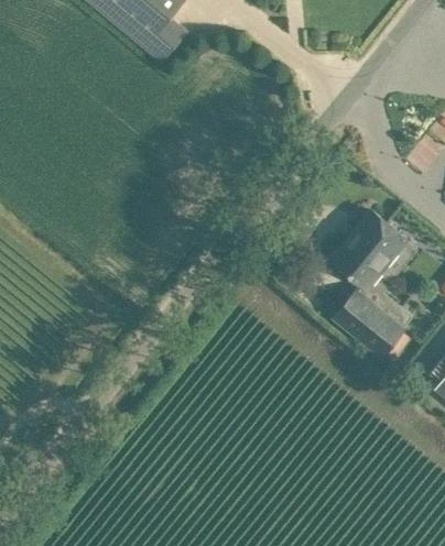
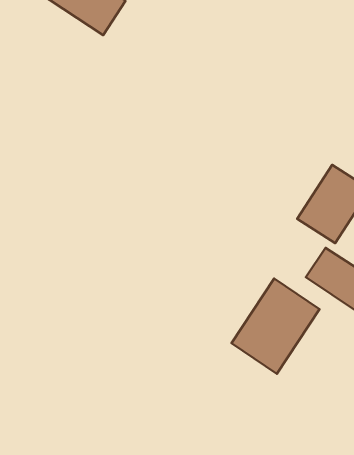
building: none -> [231,279,319,374]

